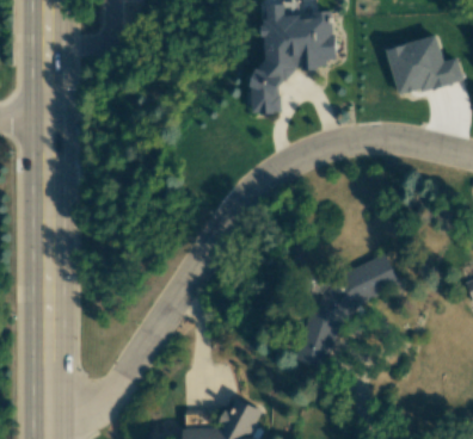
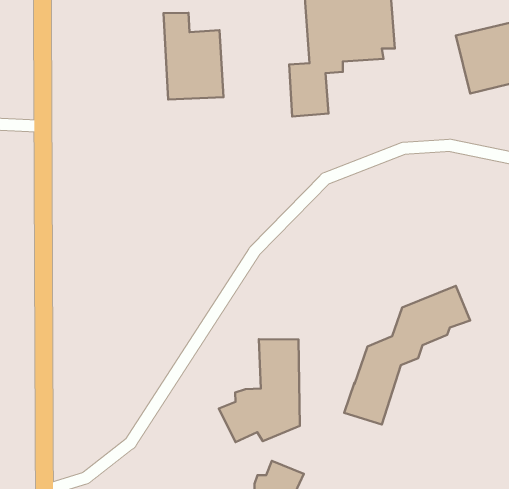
building: none -> [164,13,223,100]
building: none -> [219,339,300,442]

